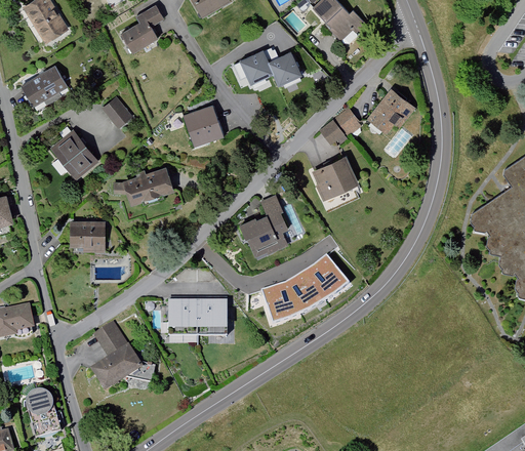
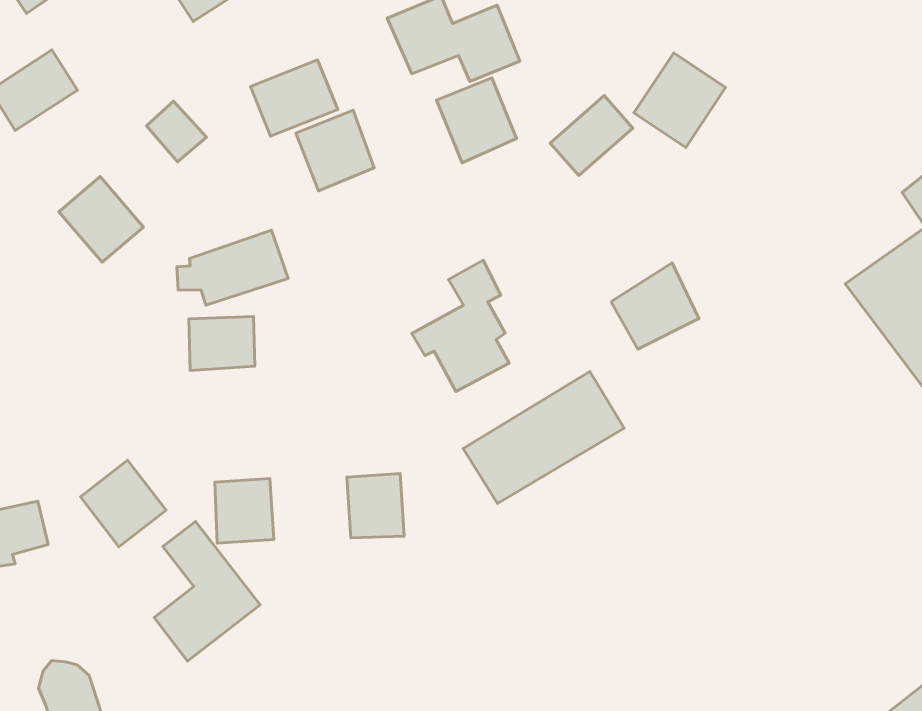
building: none -> [250,60,338,136]
building: none -> [437,78,517,163]
building: [311,155,357,200] -> [612,263,699,349]
building: [69,222,105,250] -> [189,317,255,370]
building: none -> [80,460,166,547]
building: [167,302,198,335] -> [215,479,274,543]

